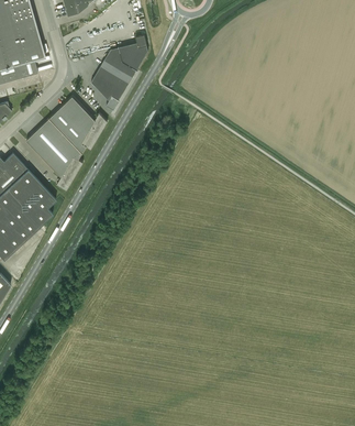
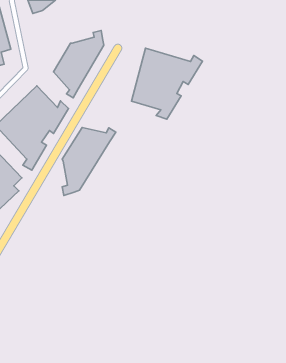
building: none -> [131,48,203,119]
building: none -> [62,127,116,196]

